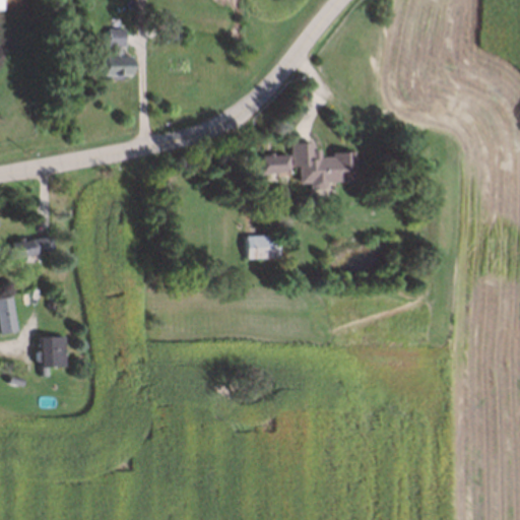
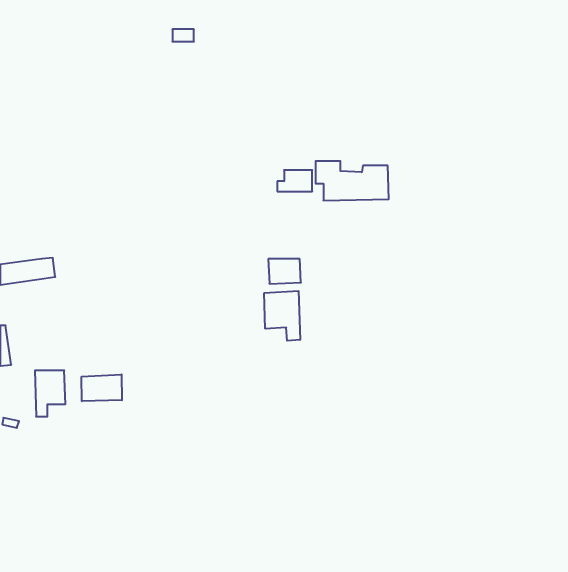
building: [104,29,132,76] -> none
building: none -> [264,291,300,341]
building: none -> [82,374,122,401]

